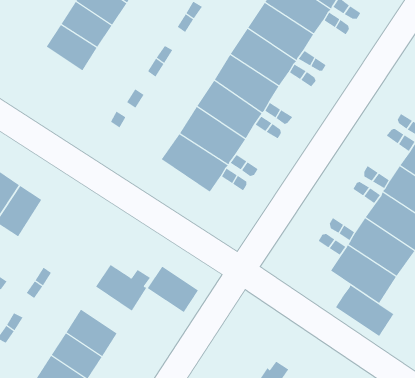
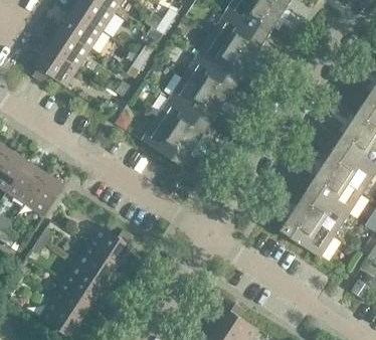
building: none -> [32,48,77,87]
building: none -> [25,173,63,215]
building: [147,266,199,313] -> [75,243,118,282]
building: [335,284,394,337] -> none

